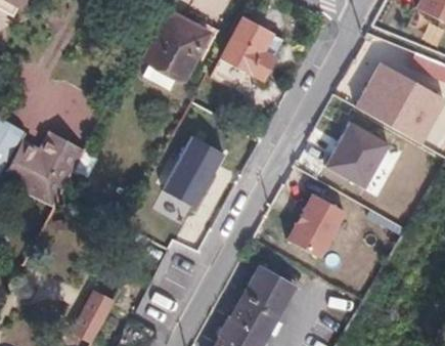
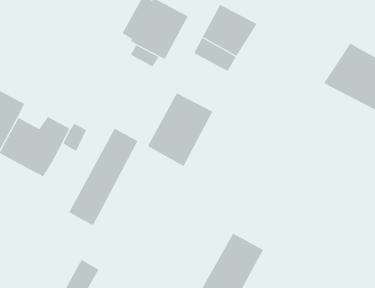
building: [326,125,392,186] -> none
building: none -> [69,128,138,225]
building: [287,191,346,256] -> none

